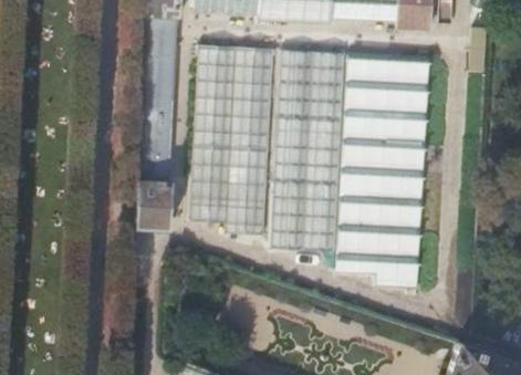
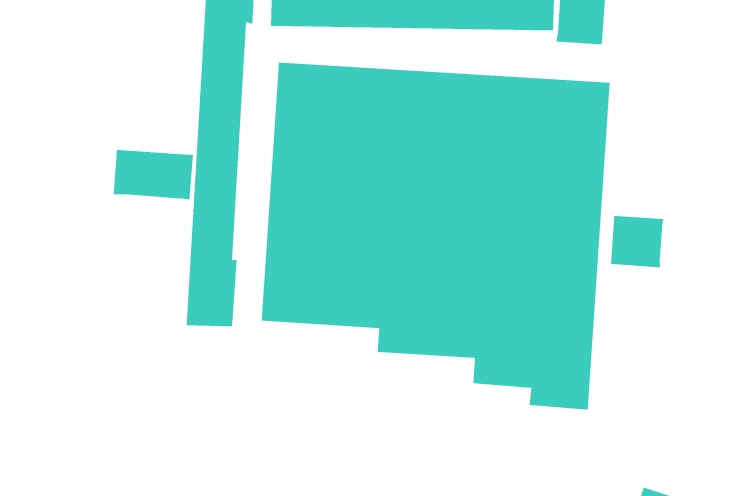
building: none -> [113,149,193,200]
building: none -> [611,215,664,268]

